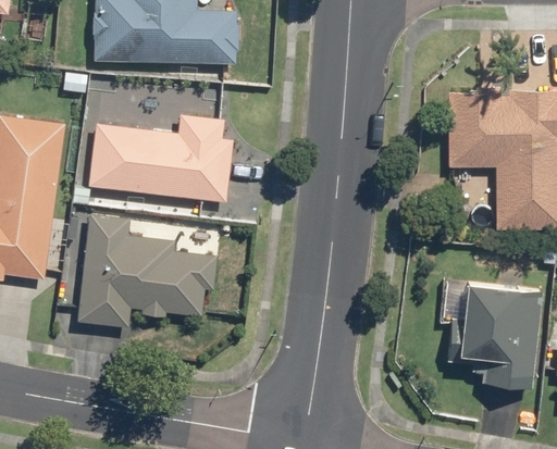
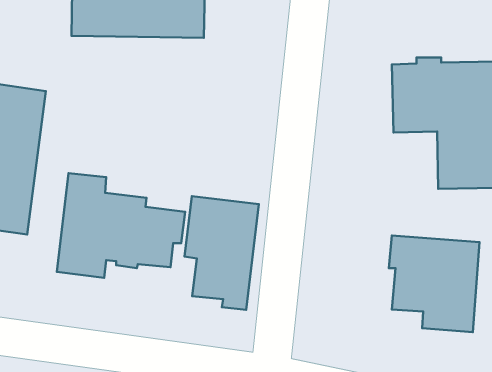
building: [87,113,232,202] -> none
building: none -> [184,196,259,310]

